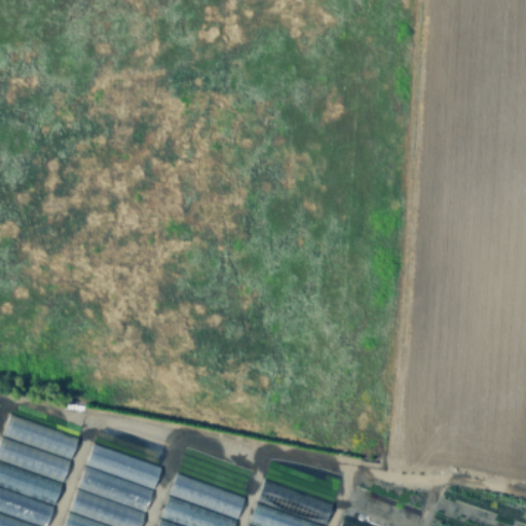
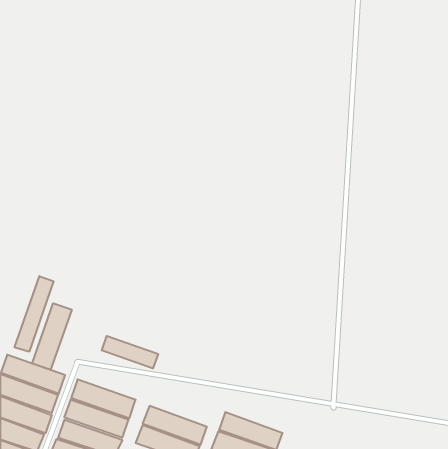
building: none -> [15,276,54,352]
building: none -> [32,303,72,370]
building: none -> [102,336,158,368]

